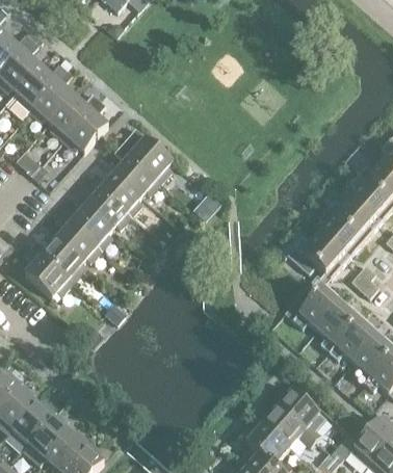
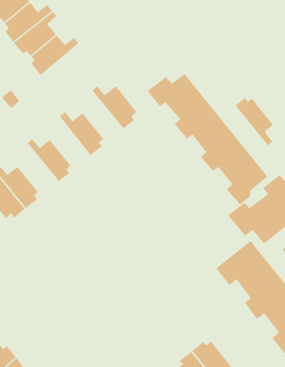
building: [62,99,107,152] -> none
building: none -> [147,73,268,205]
building: none -> [235,97,274,146]
building: [113,147,160,195] -> none
building: [84,180,130,230] -> none
building: [54,214,101,264] -> none

